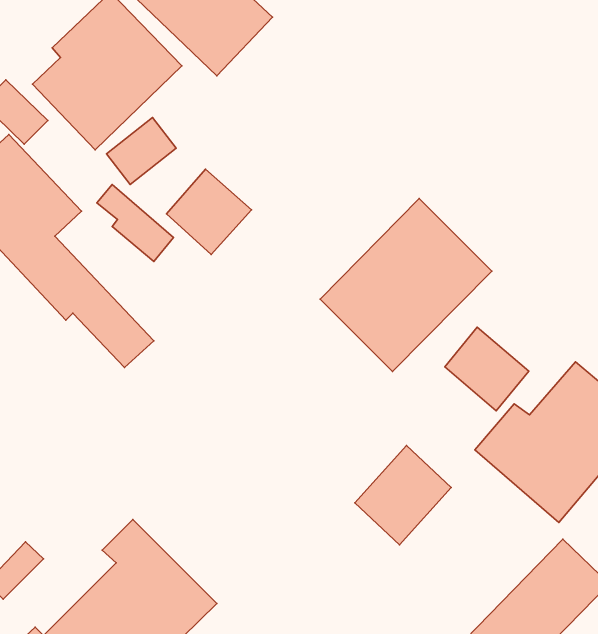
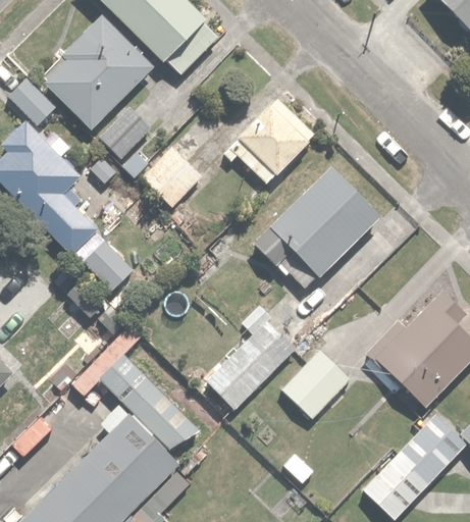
building: none -> [223,96,317,186]
building: [445,327,529,411] -> none
building: none -> [204,304,294,411]
building: none -> [75,323,206,453]

